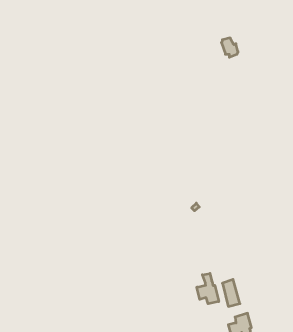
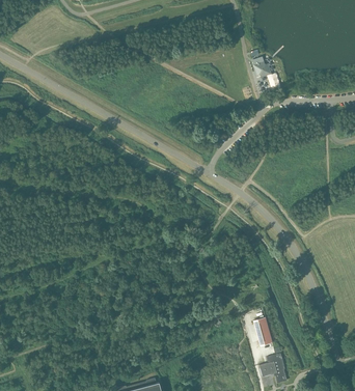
building: [197,273,219,304] -> none

